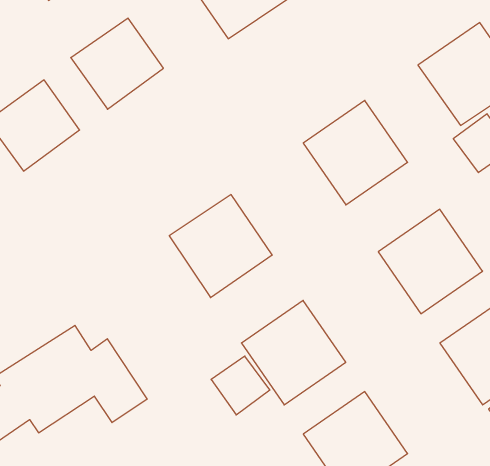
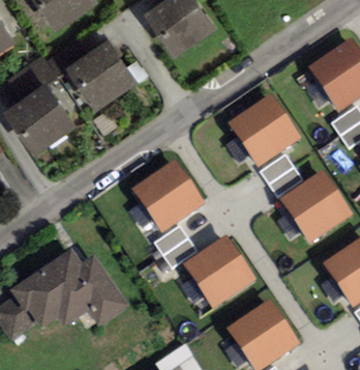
building: none -> [263,152,304,194]
building: [211,356,270,415] -> [156,224,198,265]

